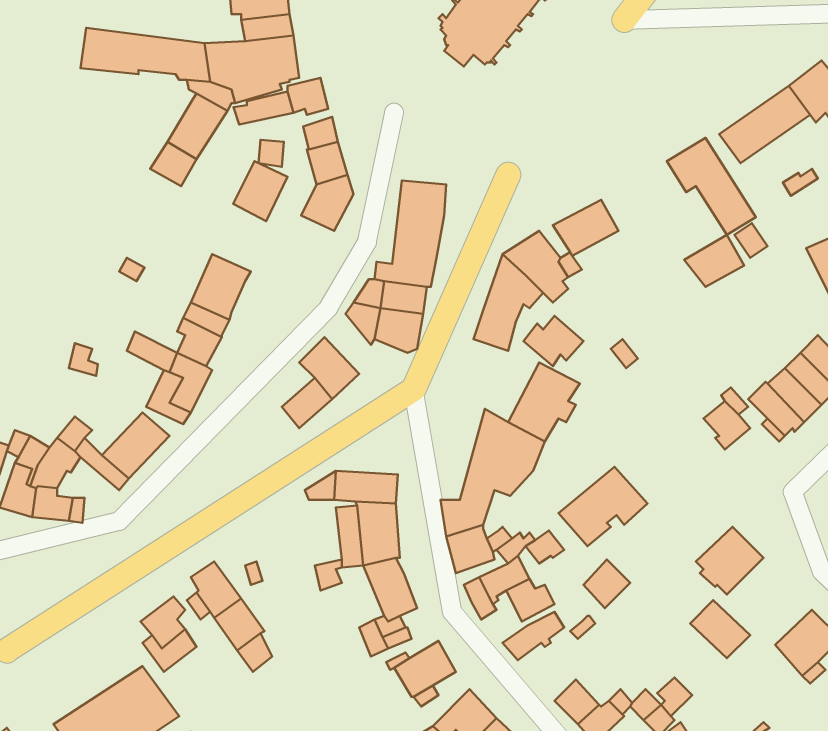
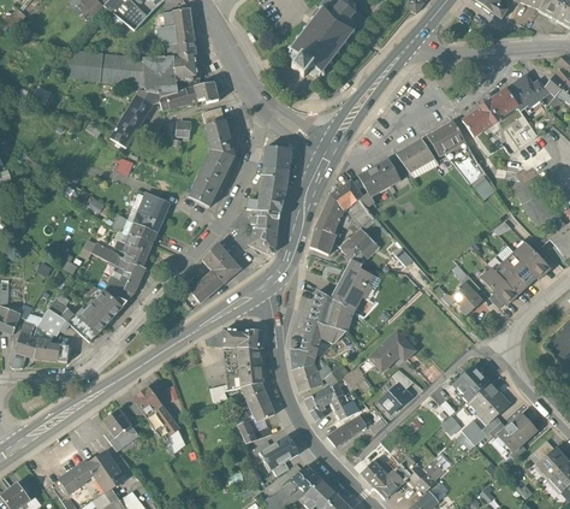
building: [233,161,287,221] -> [189,168,222,206]
building: [684,235,744,287] -> [396,138,433,171]
building: none -> [467,381,509,425]

